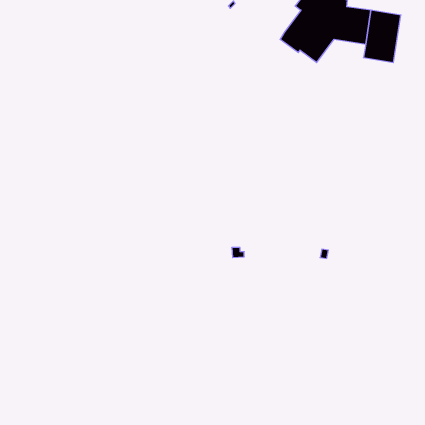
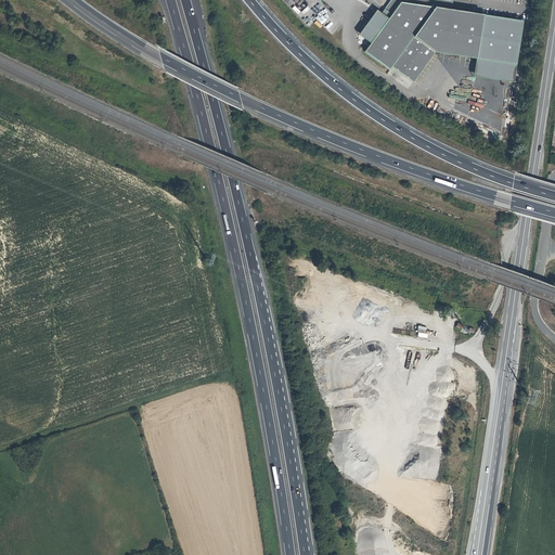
building: none -> [359,8,392,42]

